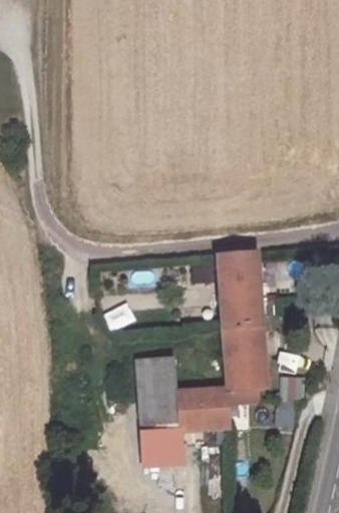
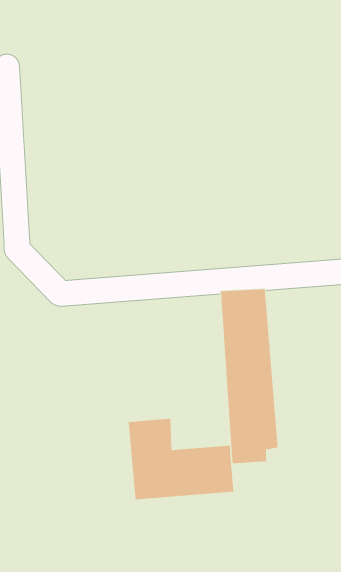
building: [144,430,182,469] -> none

